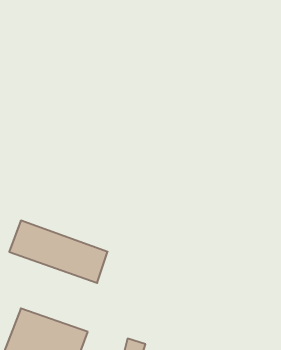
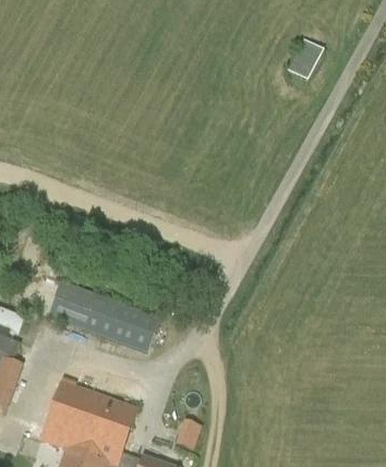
building: none -> [287,39,323,80]

